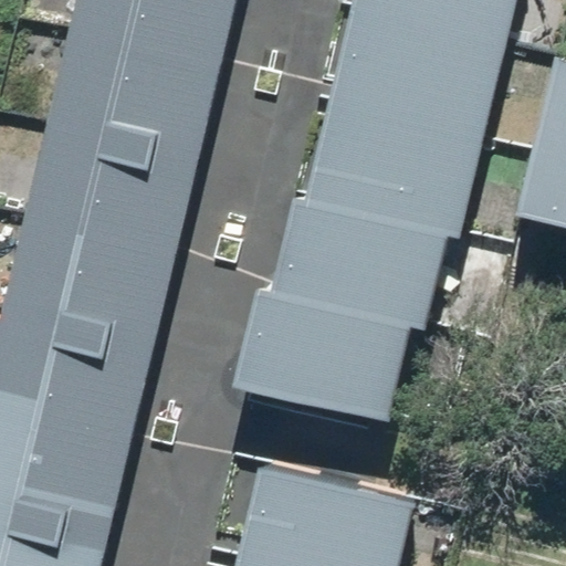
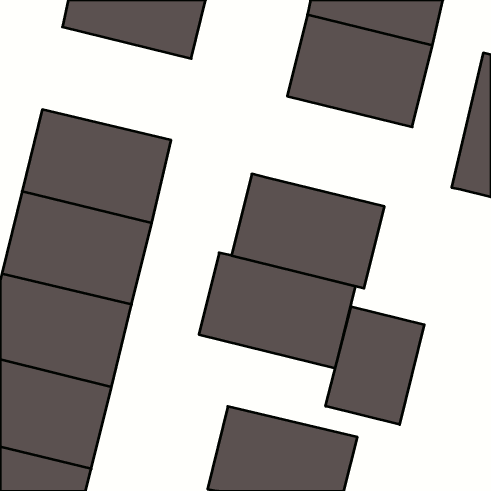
building: [49,31,220,161] -> none
building: [307,111,474,240] -> none
building: none -> [326,307,424,425]

